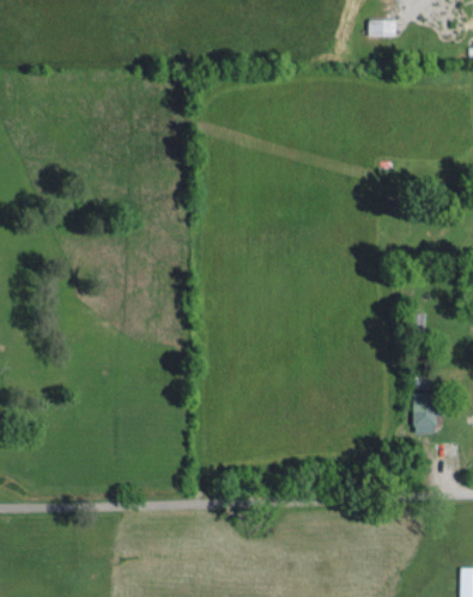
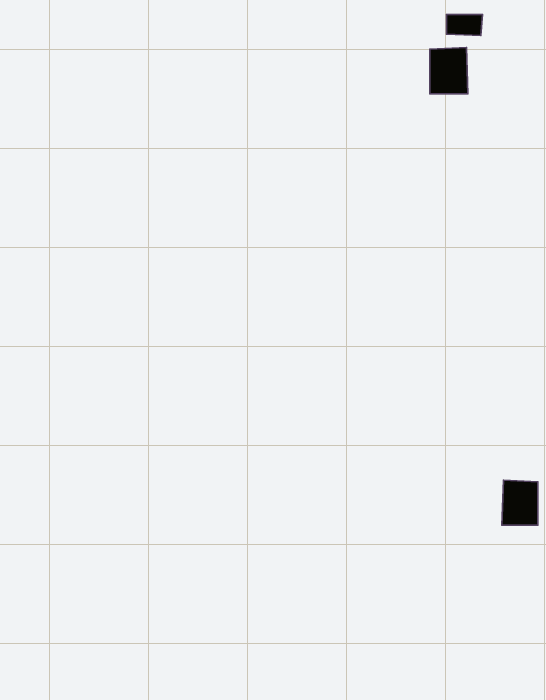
building: none -> [430,48,468,94]

